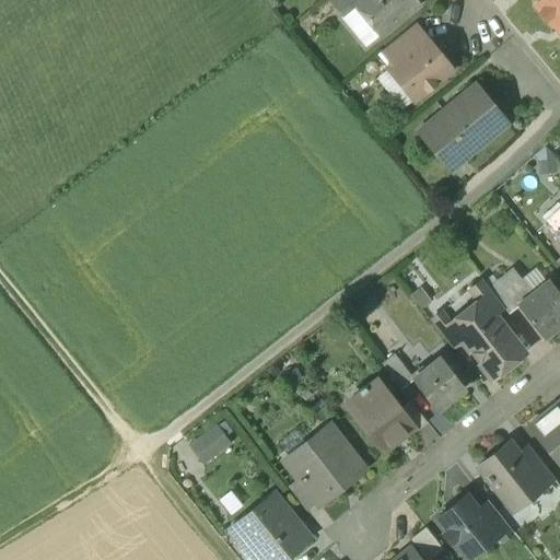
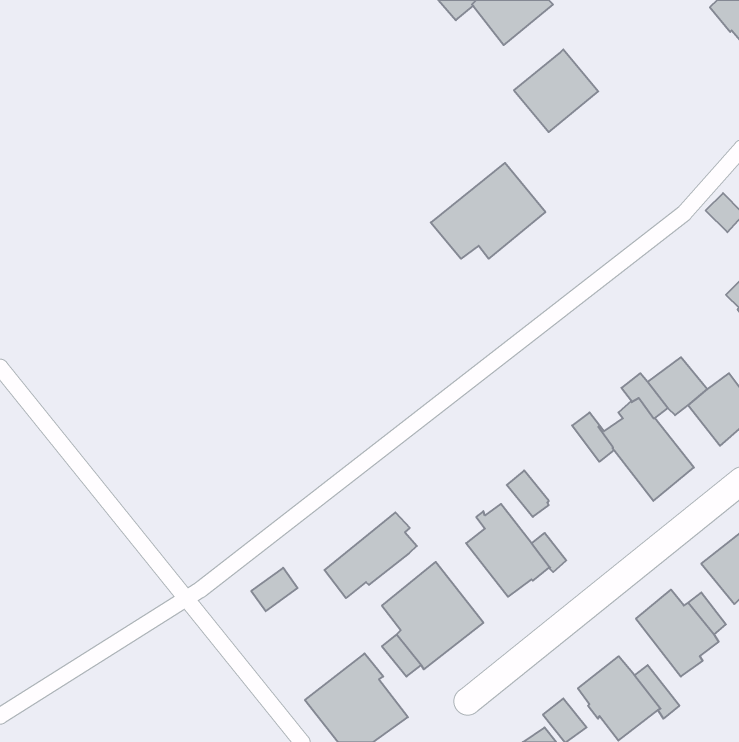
building: [384,25,424,63] -> none
building: [421,86,508,159] -> [431,163,545,259]
building: [415,358,465,409] -> none
building: none -> [324,512,417,598]

